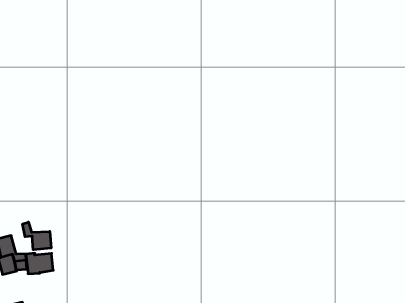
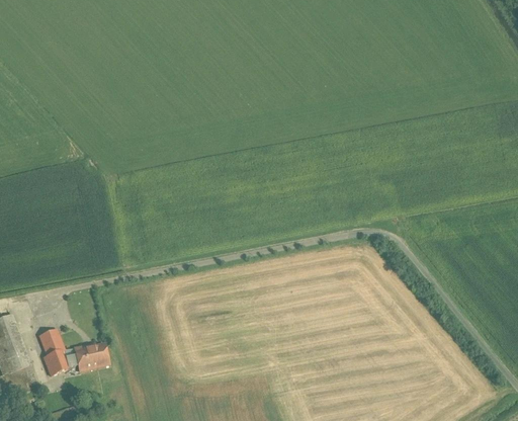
building: [23,222,51,250] -> none

